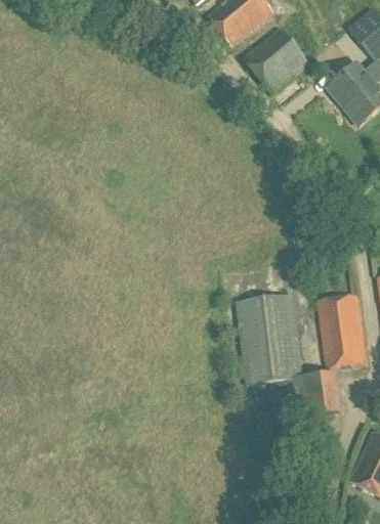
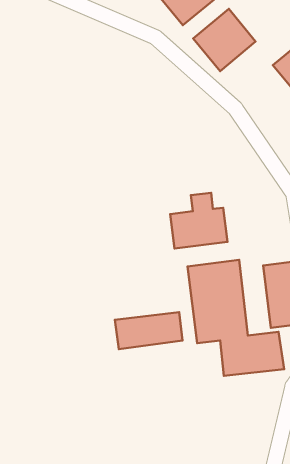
building: none -> [170,193,227,248]
building: none -> [115,312,183,349]

